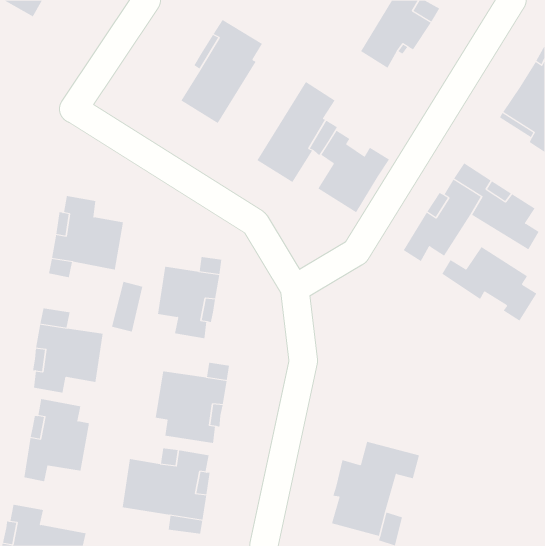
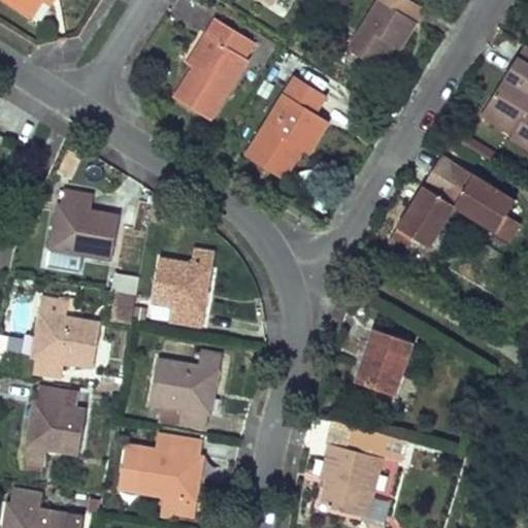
building: [317,130,390,213] -> none
building: [441,246,537,321] -> none
building: none -> [355,329,414,395]

